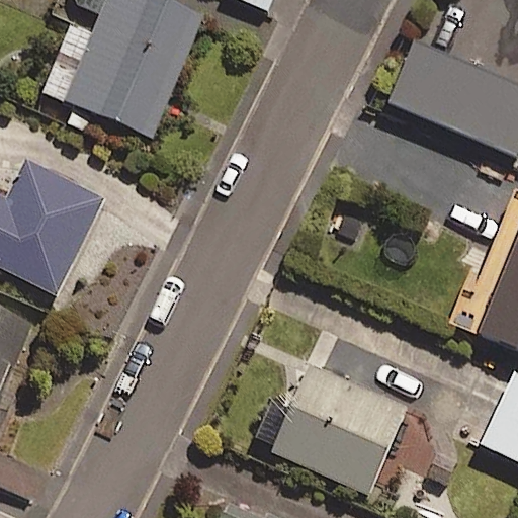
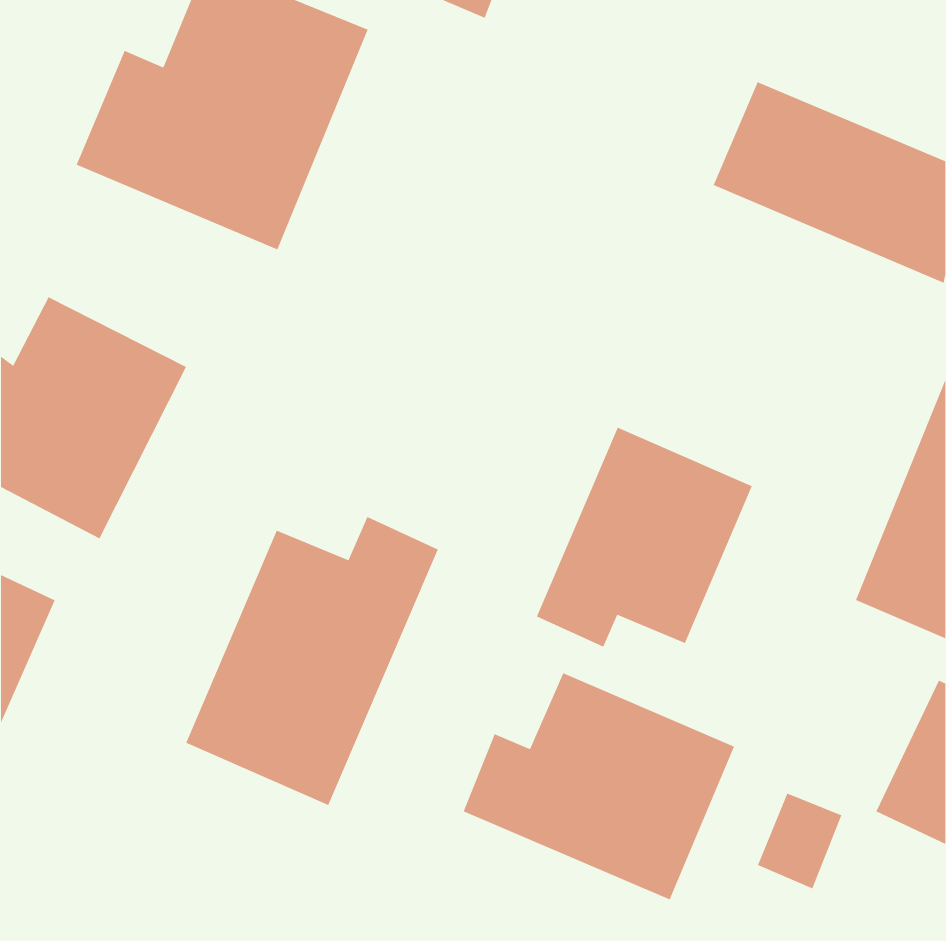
building: none -> [536,427,752,648]
building: none -> [185,516,439,806]

